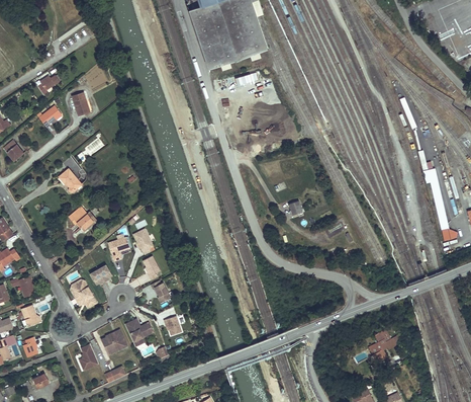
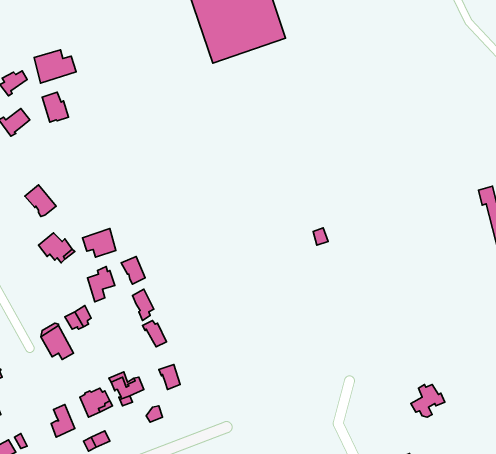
building: none -> [34,50,76,83]
building: none -> [82,228,116,257]

